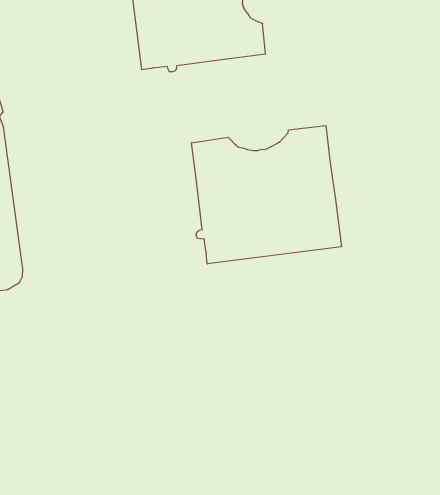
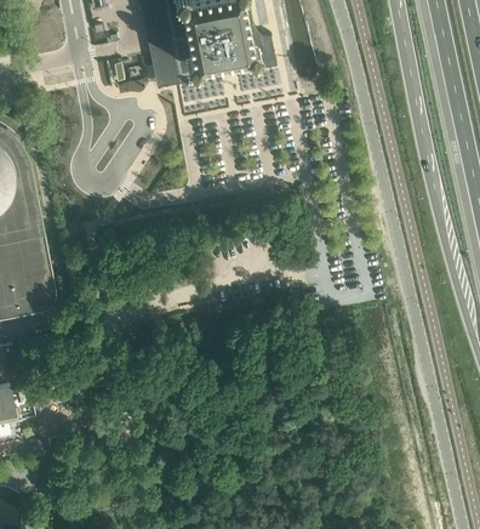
building: [192,126,341,264] -> none

